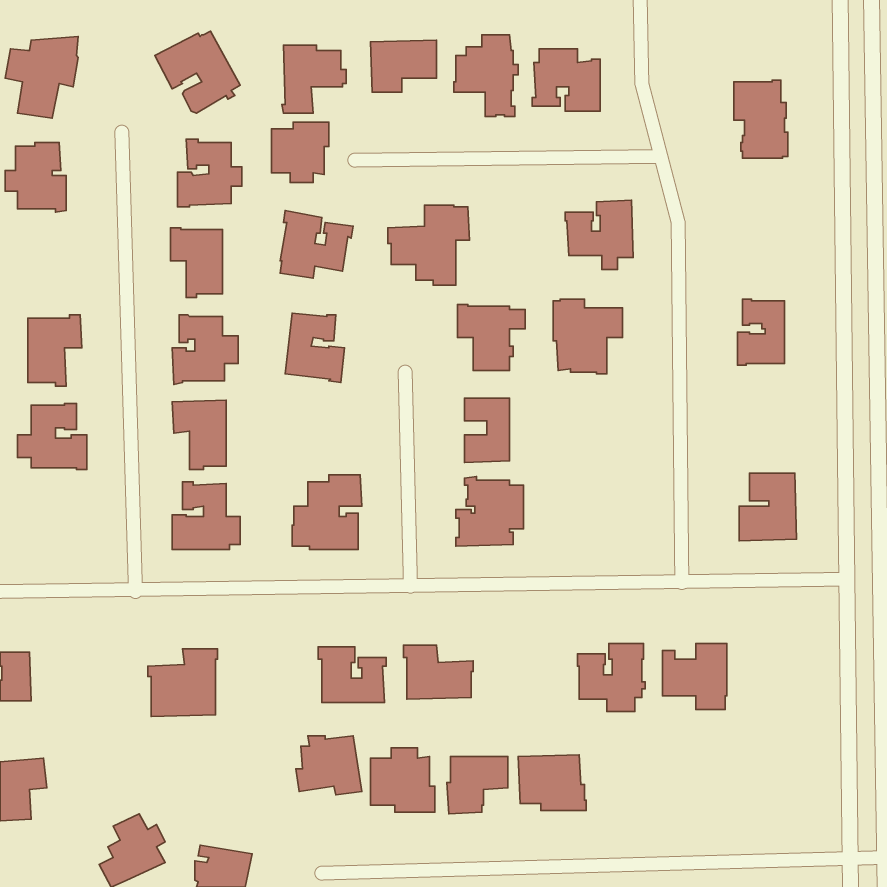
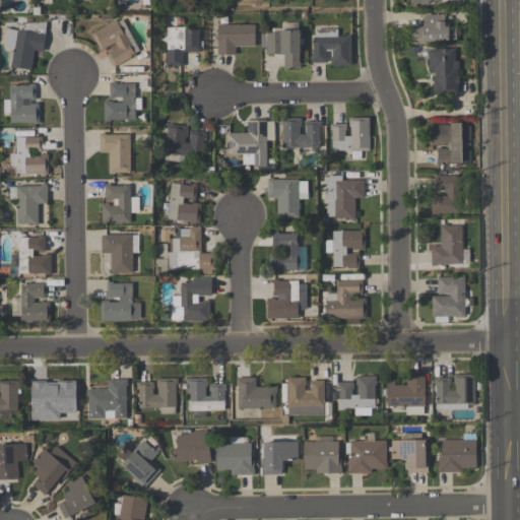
building: none -> [411,13,457,44]
building: [271,122,329,183] -> none
building: none -> [281,118,321,147]
building: none -> [431,122,471,165]
building: none -> [10,136,50,174]
building: none -> [432,223,470,265]
building: none -> [168,228,215,273]
building: none -> [325,229,366,268]
building: none -> [326,279,367,320]
building: none -> [21,283,51,322]
building: none -> [435,374,475,408]
building: none -> [288,377,325,415]
building: none -> [137,378,178,414]
building: none -> [32,380,78,418]
building: none -> [392,433,429,472]
building: none -> [439,433,477,472]
building: none -> [118,440,161,489]
building: none -> [346,441,388,473]
building: none -> [32,446,77,495]

